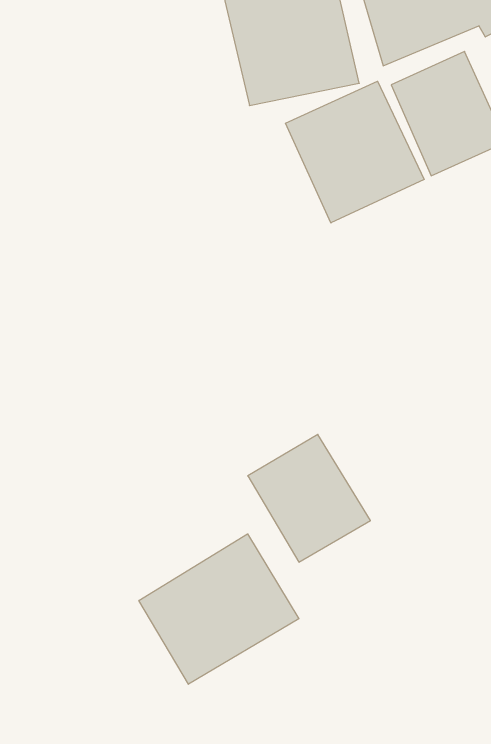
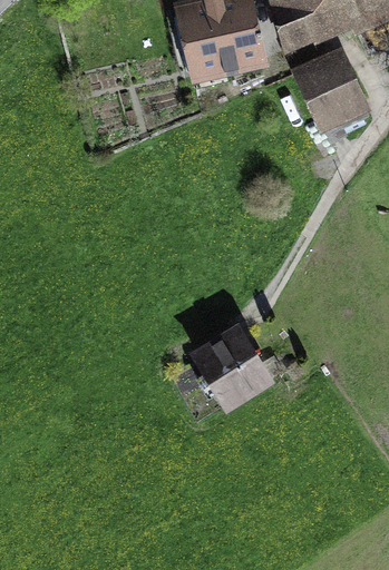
building: [286,81,424,223] -> none
building: [139,534,299,684] -> none

